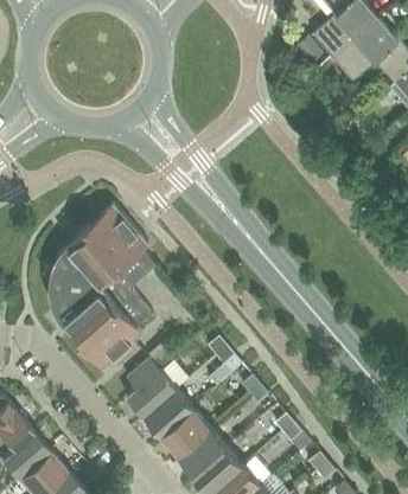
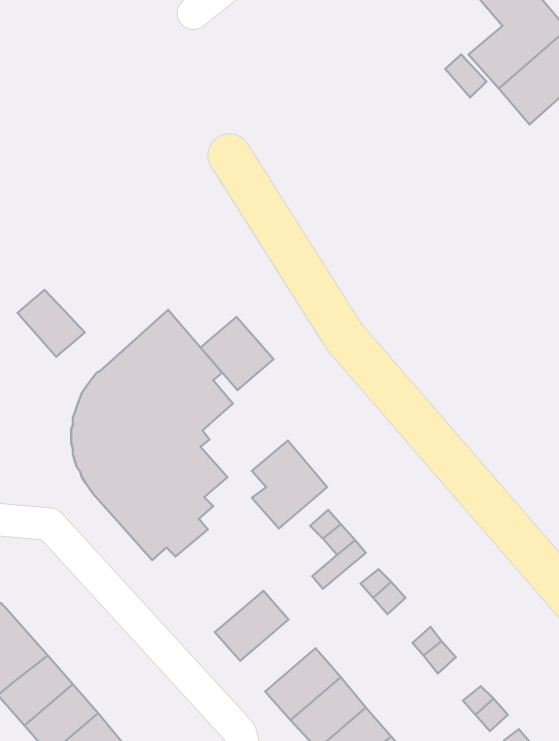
building: none -> [18,290,85,357]
building: none -> [200,317,273,390]
building: [127,359,177,417] -> [252,440,327,529]
building: [161,409,211,456] -> none

